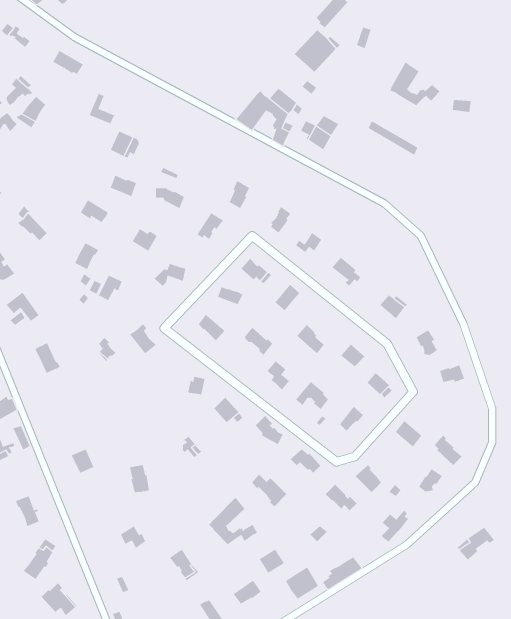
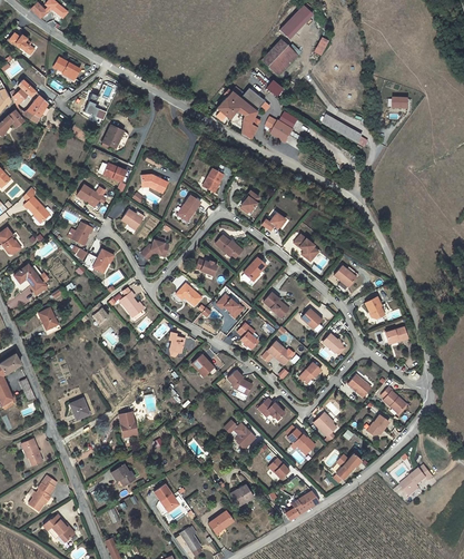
building: [390,61,441,106] -> none
building: [208,497,258,545] -> none
building: [285,566,319,600] -> none

